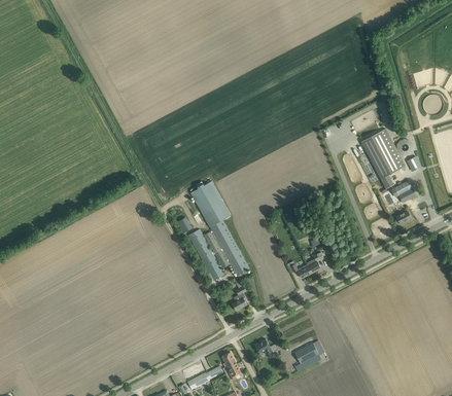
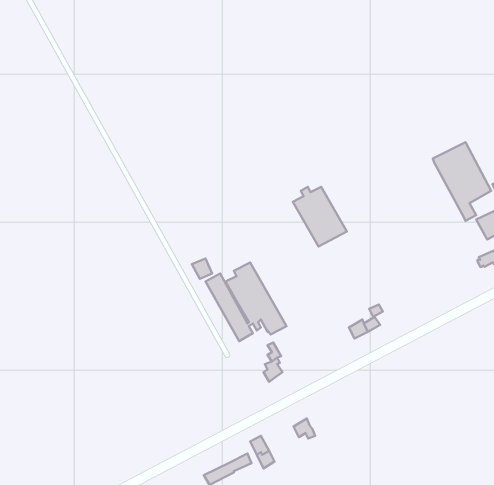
building: [189,181,231,226] -> [293,187,347,246]
building: [293,343,321,371] -> none

